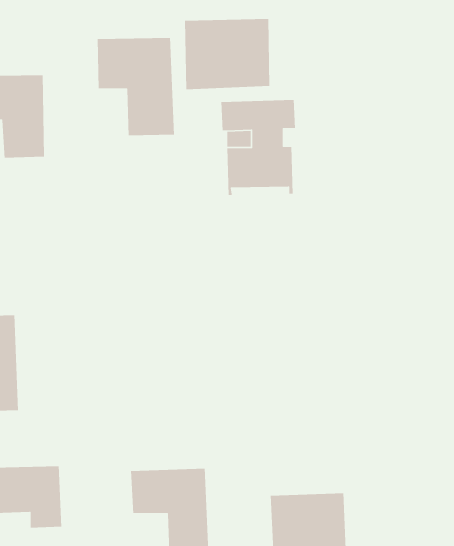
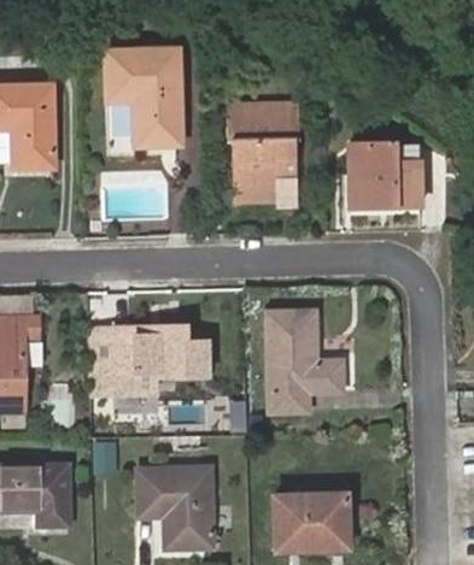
building: [184,18,270,90] -> none
building: none -> [349,140,421,205]
building: none -> [269,311,343,411]
building: none -> [115,325,204,393]

